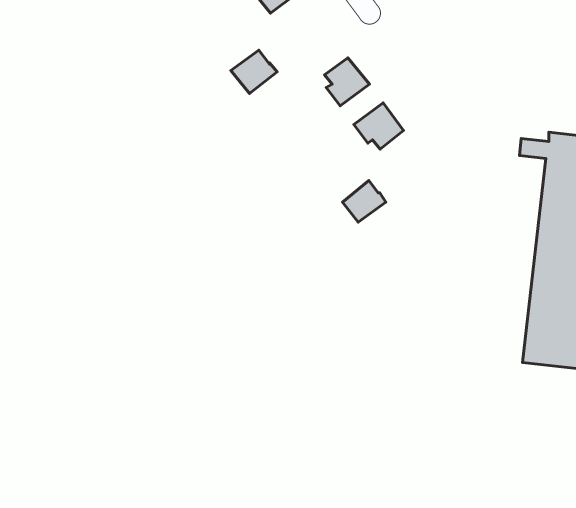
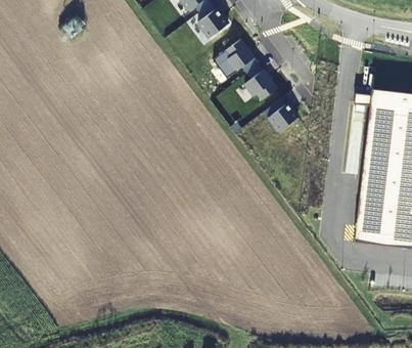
building: [231,50,277,94] -> [197,9,228,38]
building: [343,180,386,222] -> [269,103,297,131]

